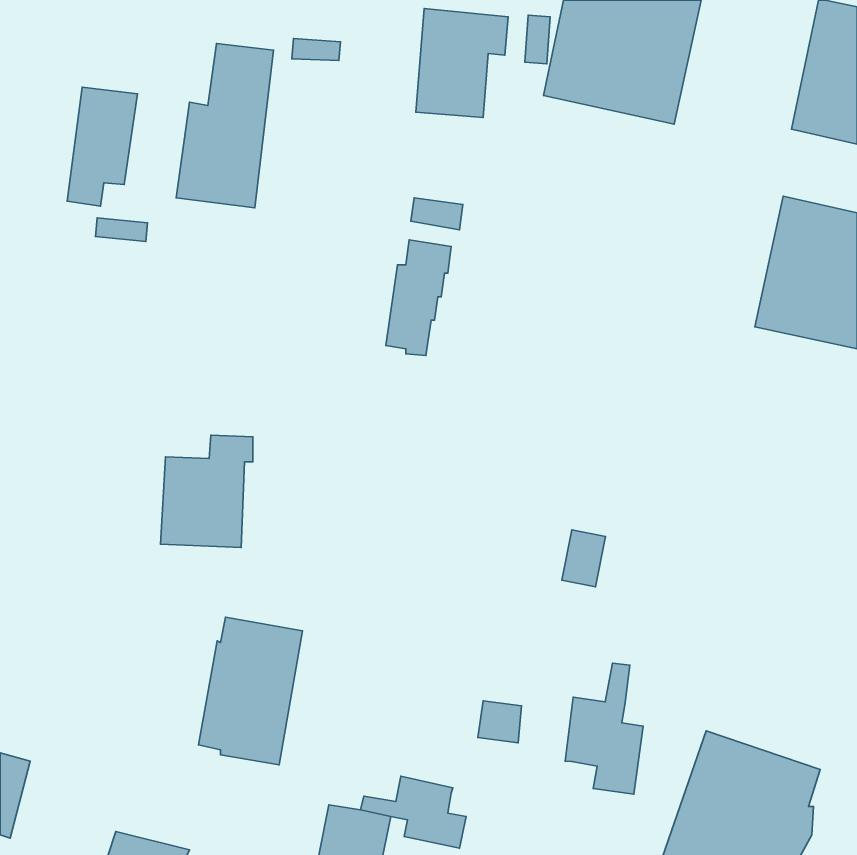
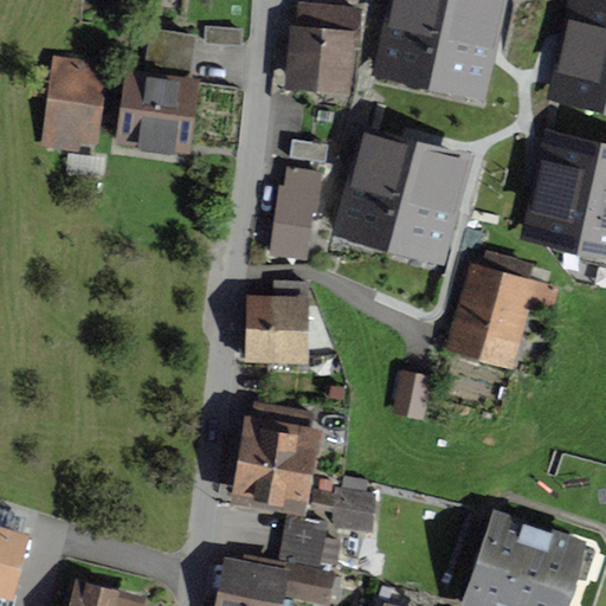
building: none -> [343,137,459,253]
building: none -> [458,257,561,359]
building: [161,435,253,547] -> [240,282,305,361]
building: [199,617,303,765] -> [239,405,312,509]
building: [565,663,643,794] -> none
building: none -> [283,515,337,563]

